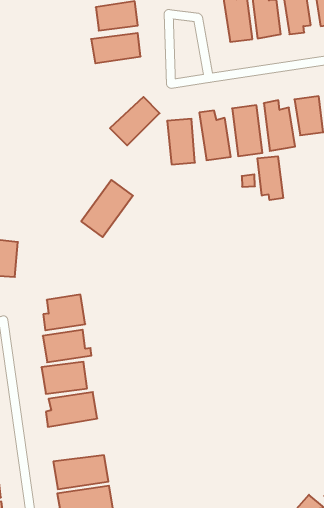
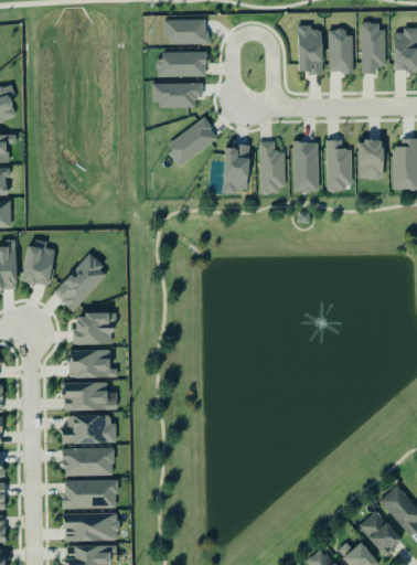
building: none -> [151,83,202,106]
building: [257,156,283,200] -> none
building: [81,180,133,237] -> [52,254,108,311]
building: none -> [62,447,114,476]

